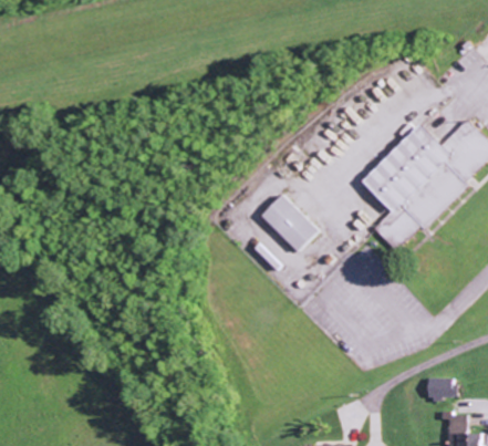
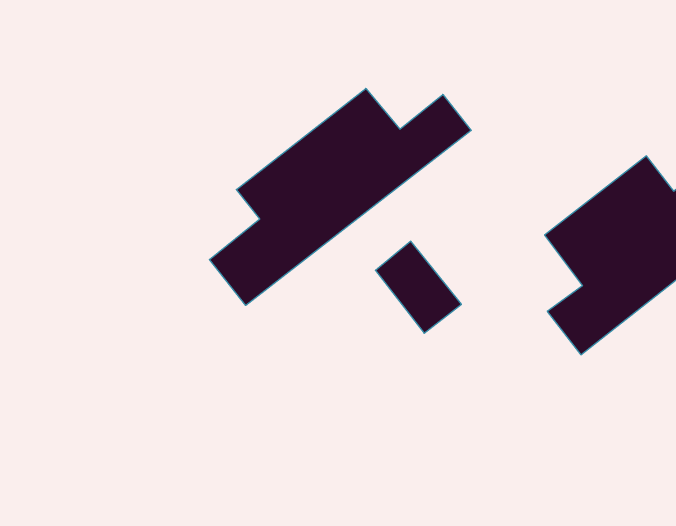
building: none -> [209,88,471,305]

